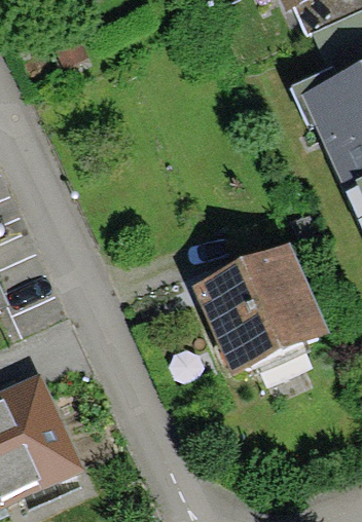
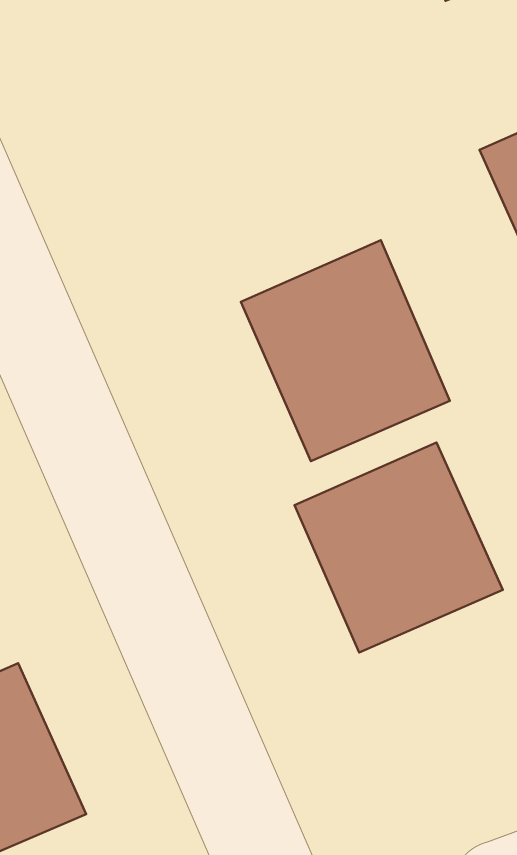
building: none -> [241,240,450,461]

